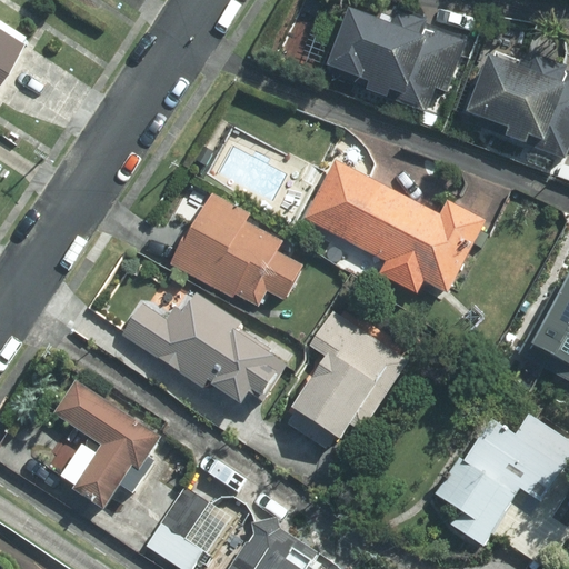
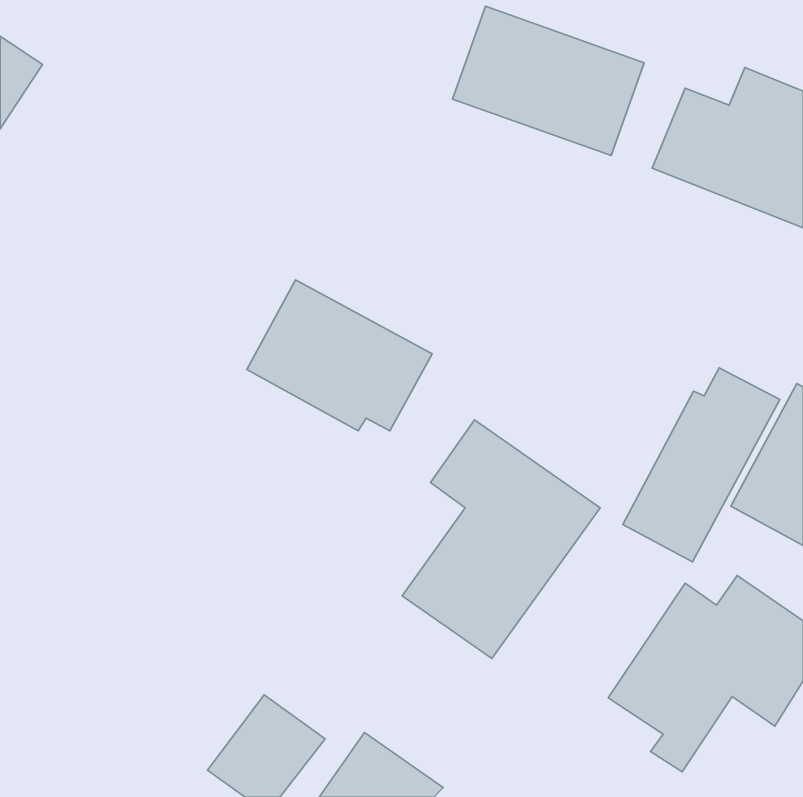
building: [297,151,476,295] -> none
building: none -> [623,368,780,562]
building: [120,295,296,427] -> none
building: [51,376,163,511] -> none

